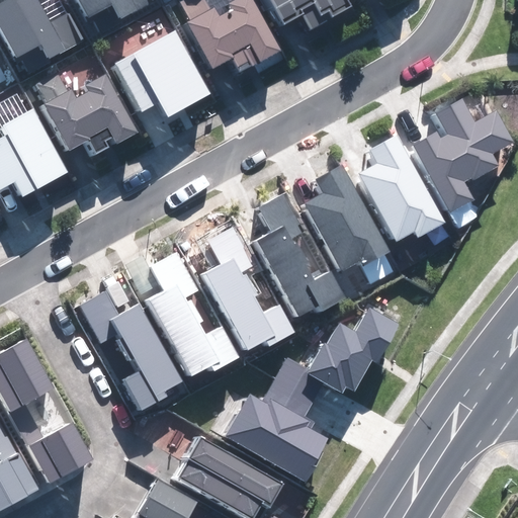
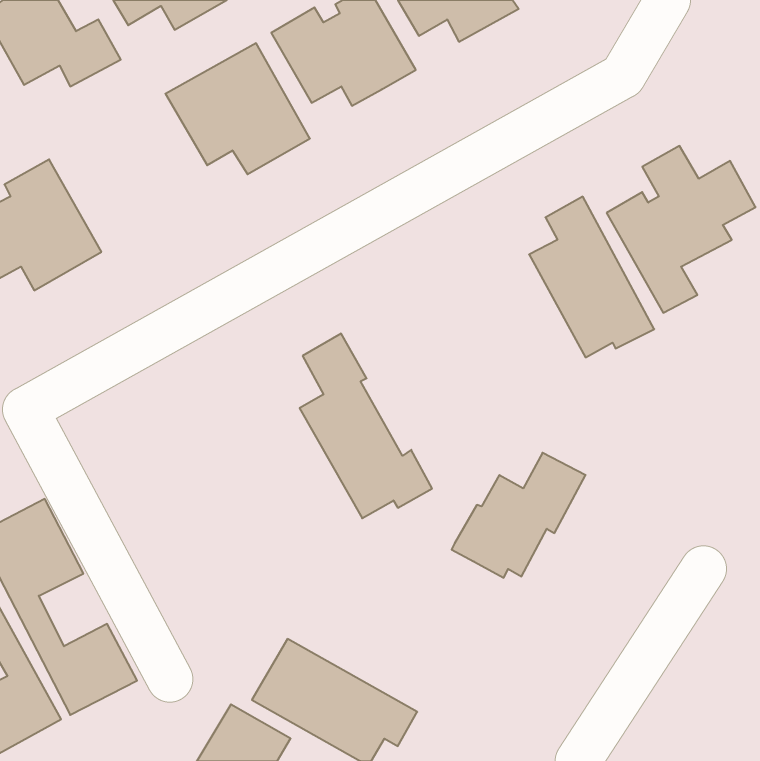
building: [35,71,138,155] -> none
building: [304,163,394,285] -> none
building: [255,192,345,318] -> none
building: [148,251,238,376] -> none
building: [79,290,183,411] -> none
building: [224,358,328,482] -> none

